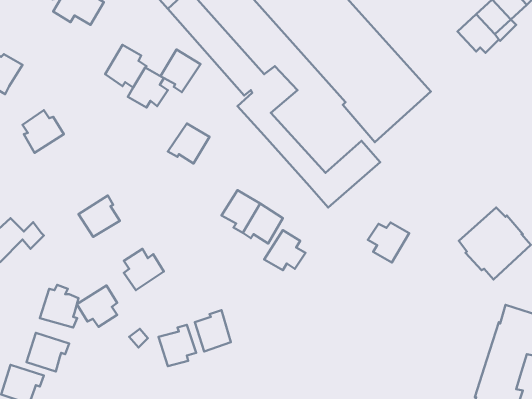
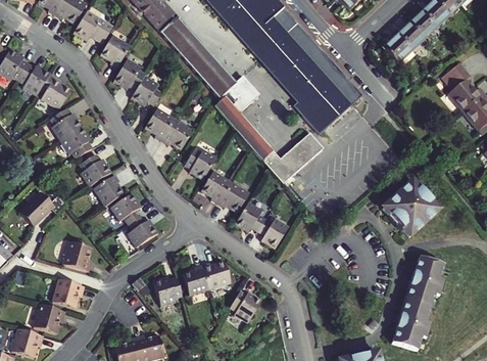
building: none -> [98,35,129,66]
building: [160,49,200,92] -> [144,107,175,140]
building: none -> [39,74,69,109]
building: none -> [58,127,91,160]
building: none -> [184,147,215,179]
building: none -> [79,153,110,186]
building: [368,223,409,263] -> [257,217,289,247]
building: [77,286,117,327] -> [110,192,141,224]
building: none -> [201,259,229,286]
building: none -> [230,289,261,321]

